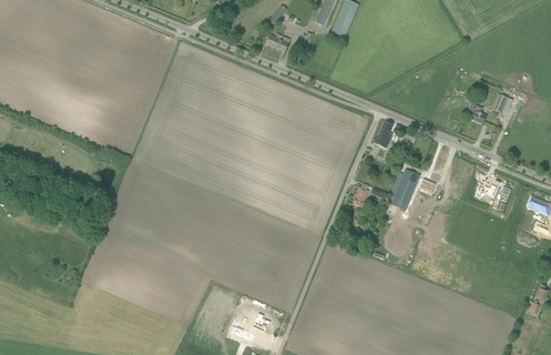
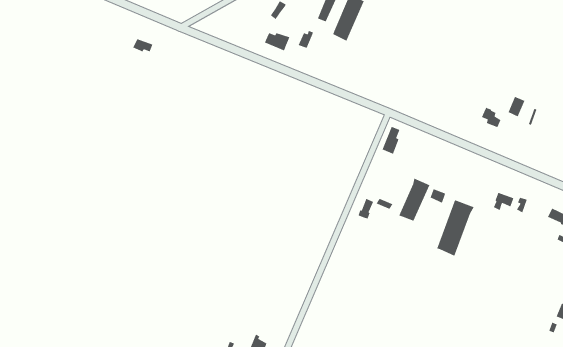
building: none -> [436,199,475,257]

